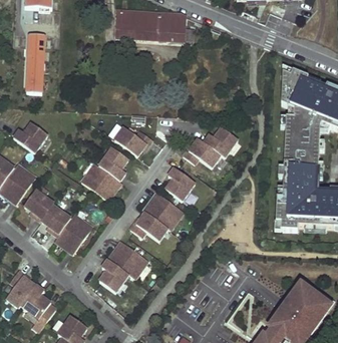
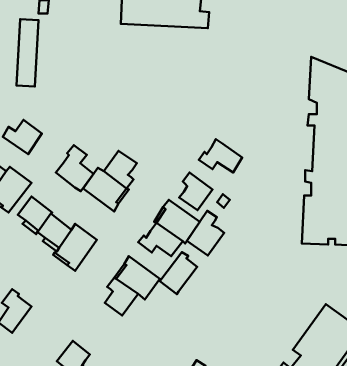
building: [115,126,153,155] -> none
building: [205,126,239,156] -> none
building: none -> [56,145,94,191]
building: none -> [187,211,224,256]
building: none -> [160,252,197,294]
building: [24,283,53,317] -> none

